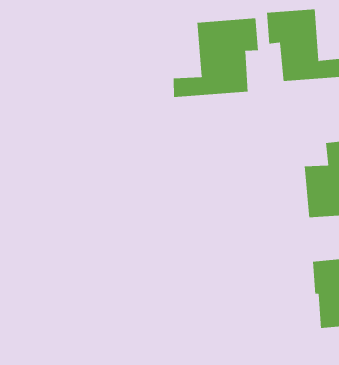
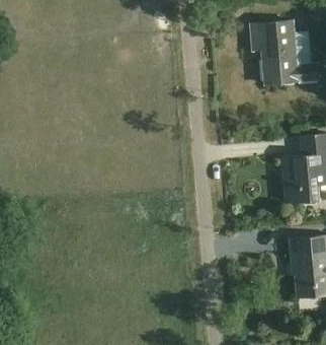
building: [173,18,258,98] -> none

